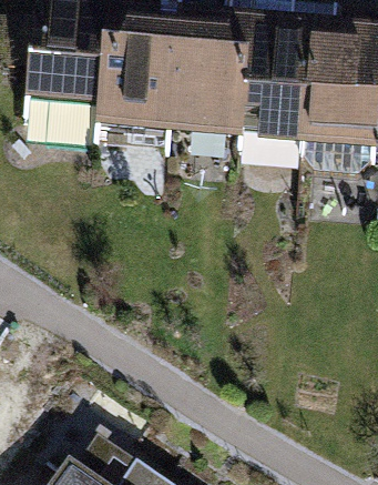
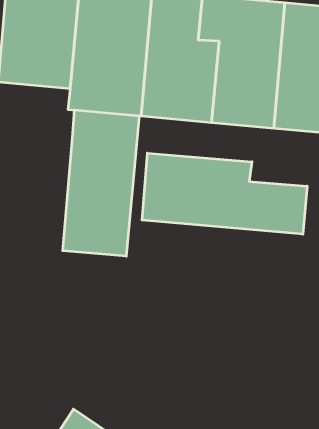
building: none -> [63,110,139,256]
building: none -> [142,153,307,234]

